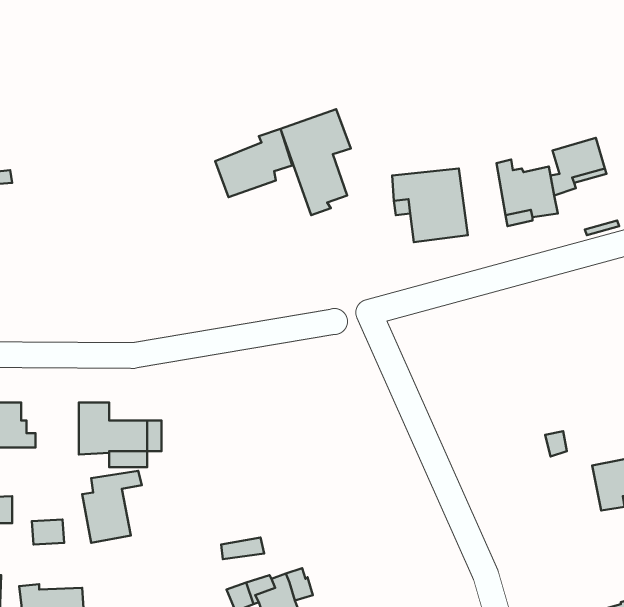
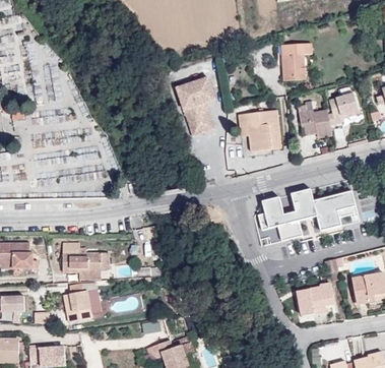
building: none -> [281,44,311,80]
building: [215,129,292,197] -> none
building: none -> [258,188,358,241]
building: none -> [297,283,334,315]

